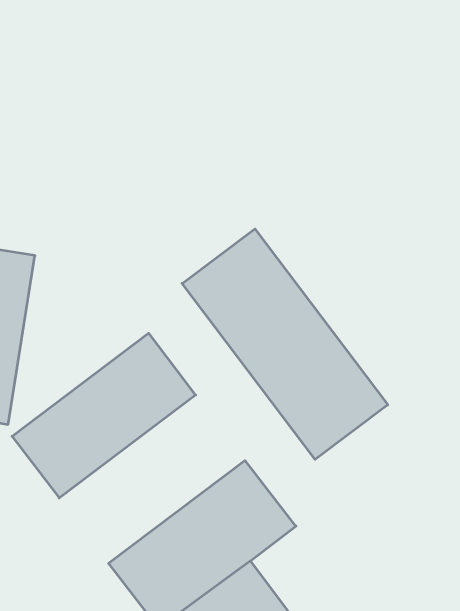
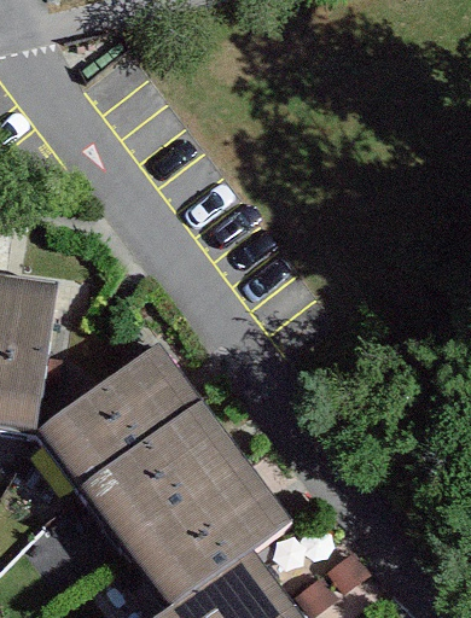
building: [182,229,388,459] -> none
building: none -> [80,404,248,556]

